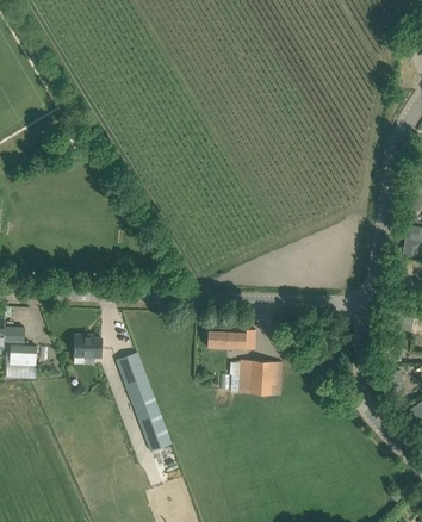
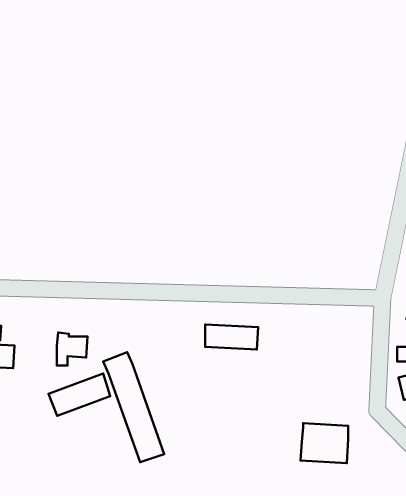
building: [238,360,281,396] -> [300,423,348,463]
building: none -> [49,374,110,416]

